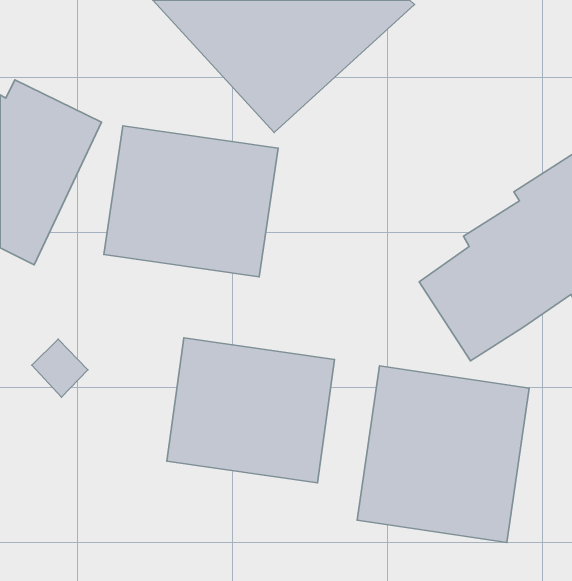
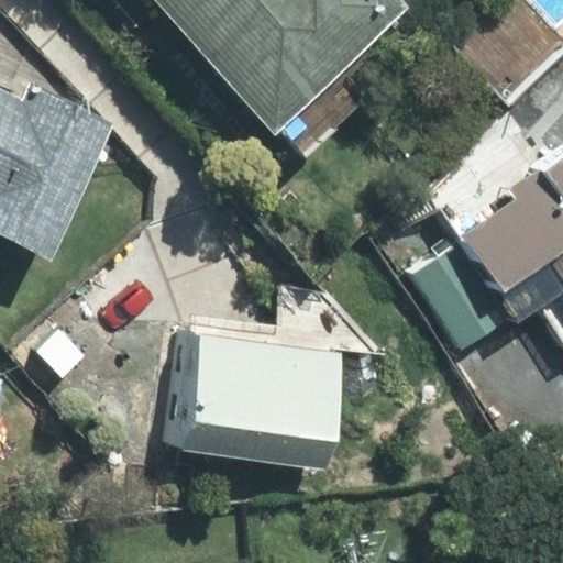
building: [104,126,278,277] -> none
building: [357,366,529,542] -> none

